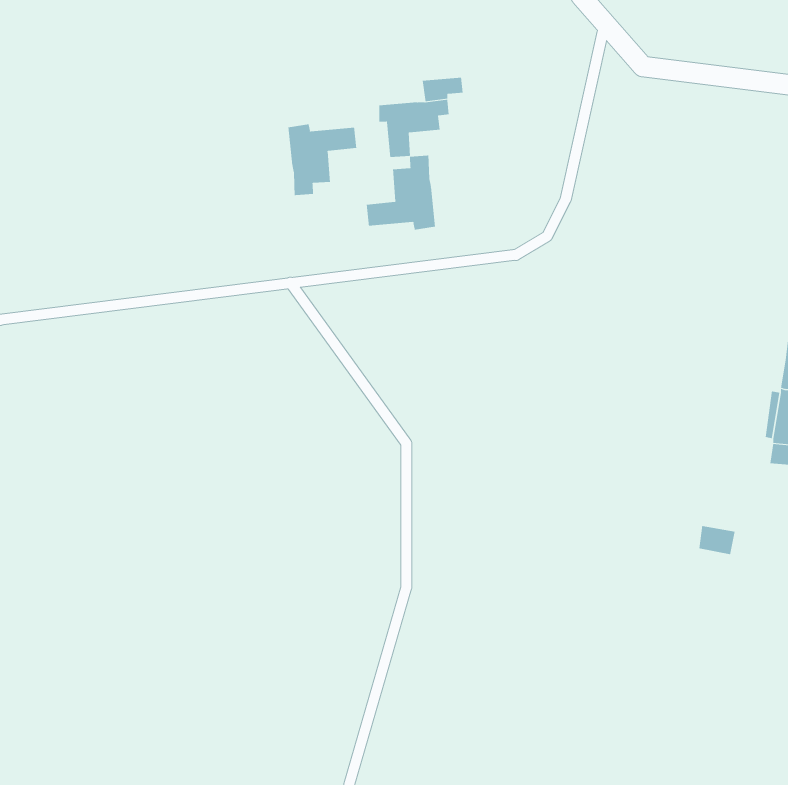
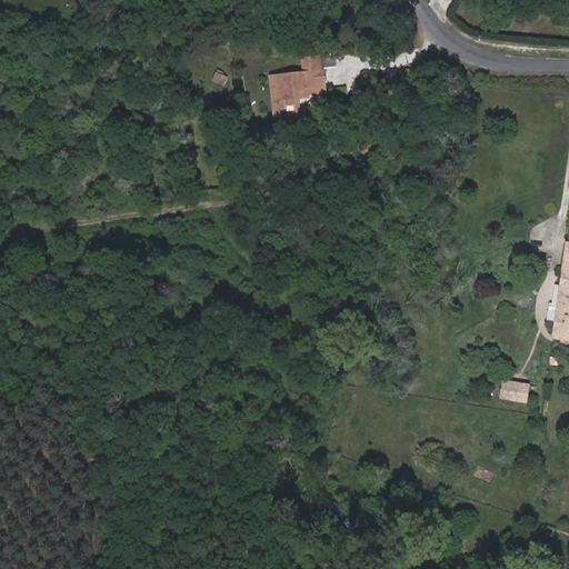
building: [288,123,357,196] -> none
building: [366,155,435,231] -> none

